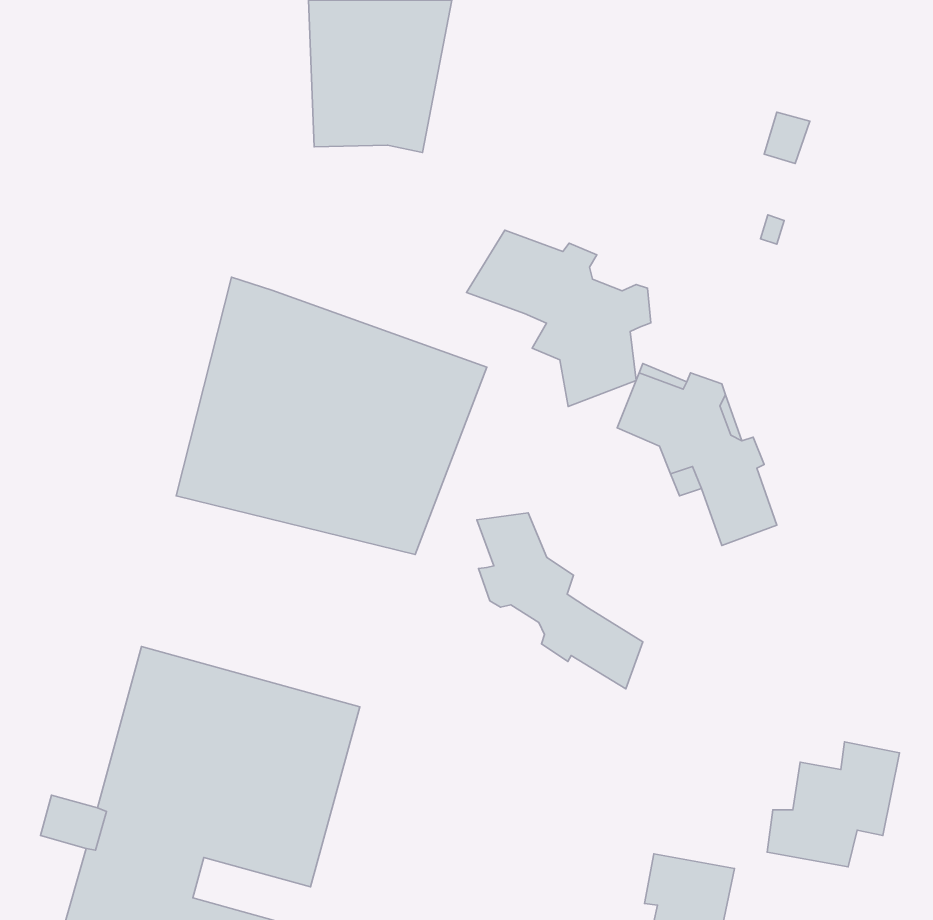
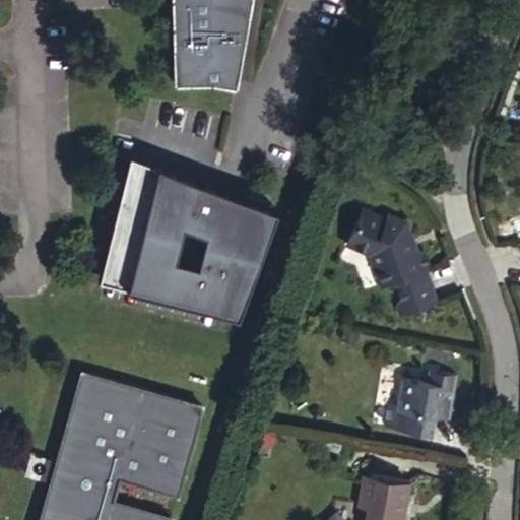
building: [467,230,651,406] -> none
building: [477,513,643,689] -> none
building: [767,742,899,867] -> [391,370,464,439]

